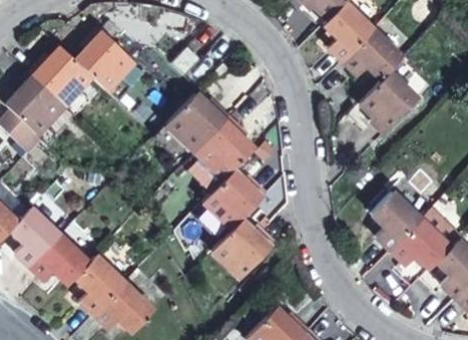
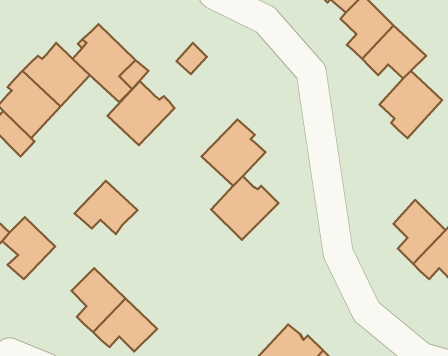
building: [165,93,227,152] -> [107,81,175,145]
building: [211,221,274,280] -> none
building: [30,236,88,285] -> [74,181,137,234]

